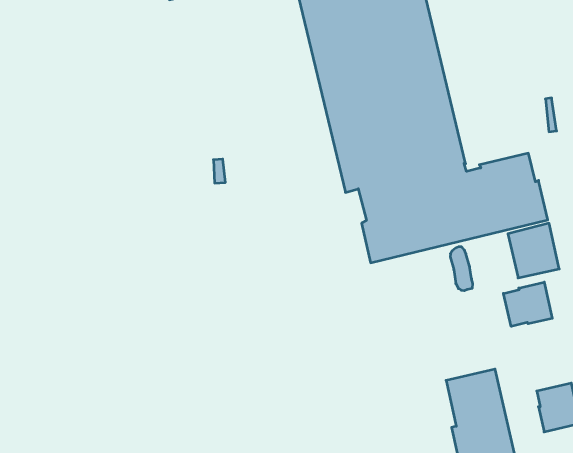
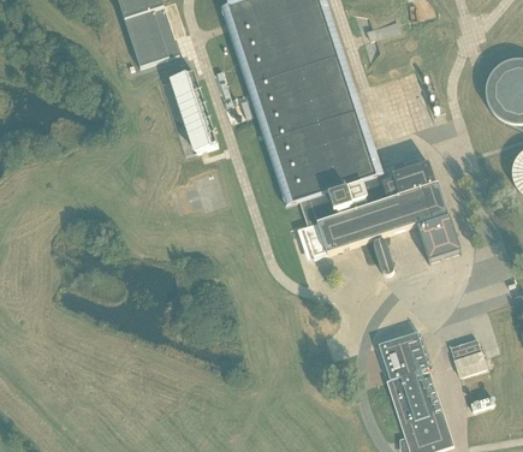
building: none -> [168,69,218,153]
building: [503,282,552,326] -> none

